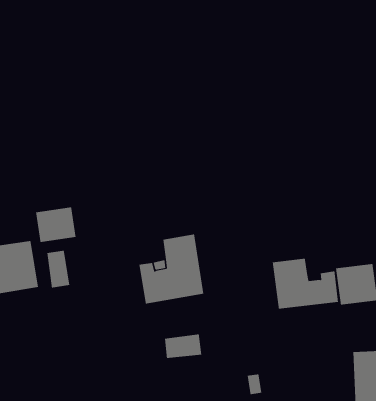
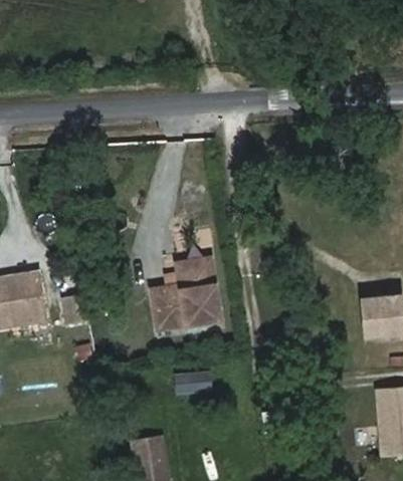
building: [35,207,76,243] -> none
building: [272,258,339,309] -> none

